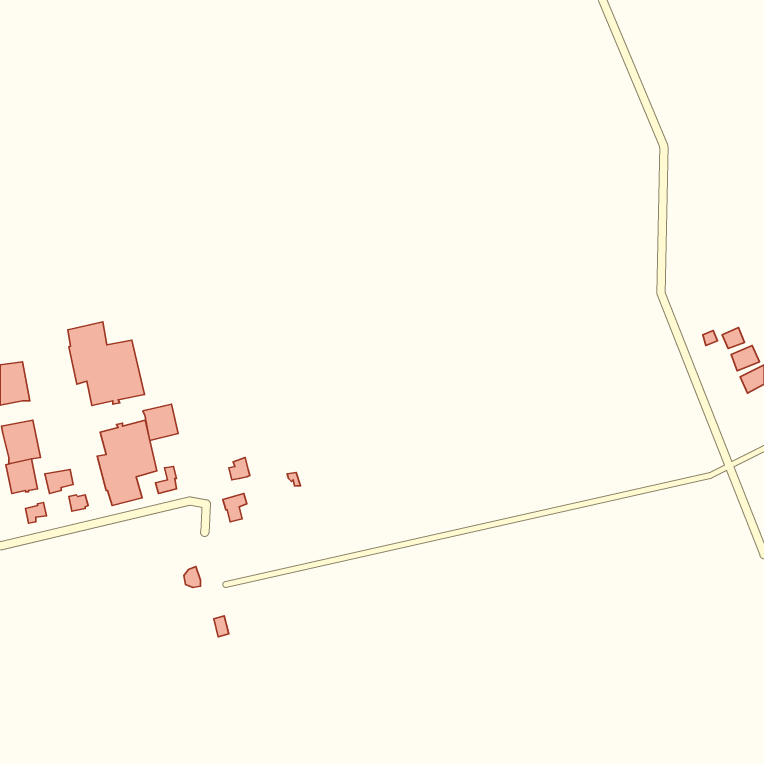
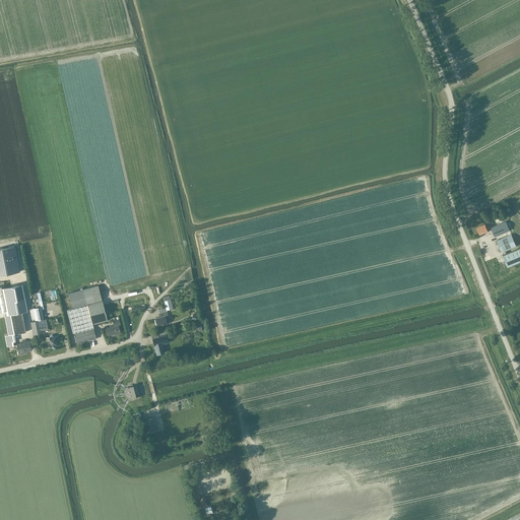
building: [68,322,145,405] -> none
building: [143,404,178,441] -> none

